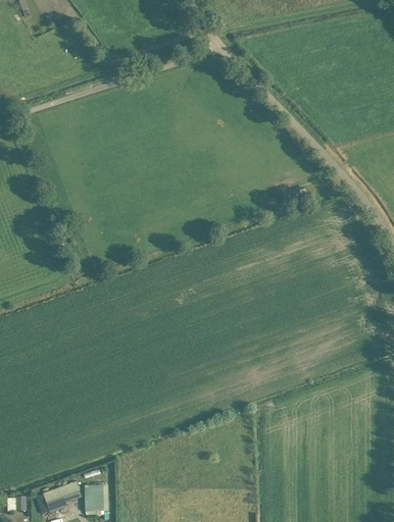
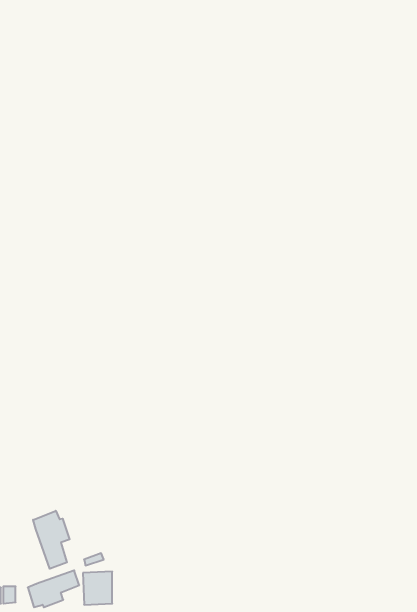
building: none -> [33,511,70,569]

